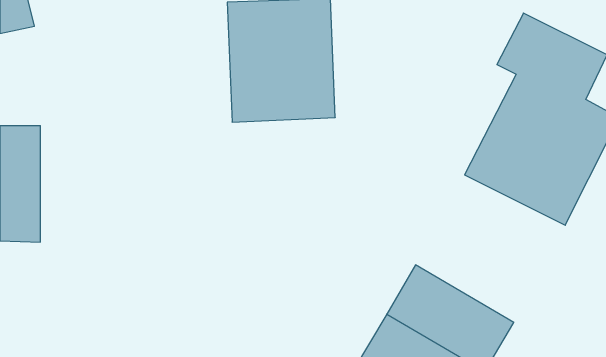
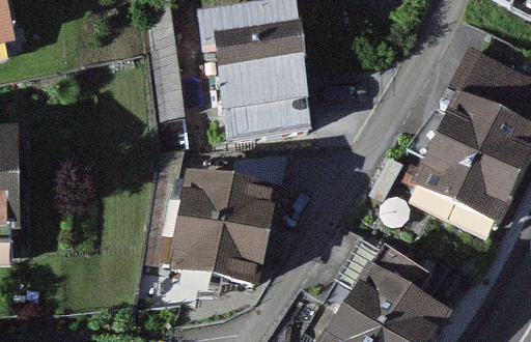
building: none -> [157,176,270,287]

